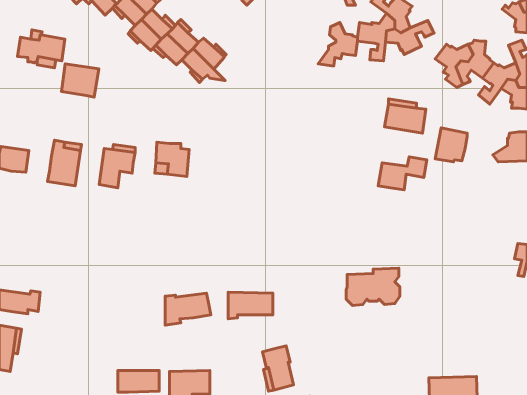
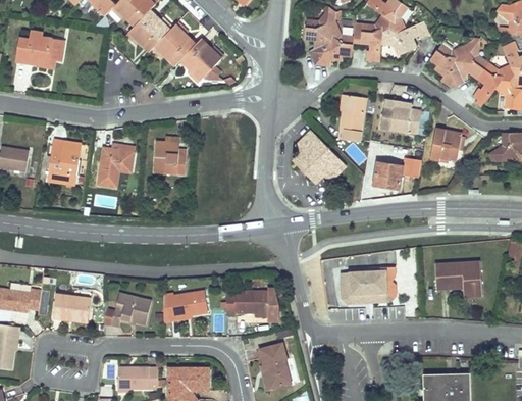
building: none -> [304,6,335,64]
building: [62,64,99,97] -> none
building: none -> [340,95,366,141]
building: none -> [294,130,346,182]
building: none -> [435,262,481,293]
building: none -> [103,292,151,327]
building: none -> [51,293,90,318]

